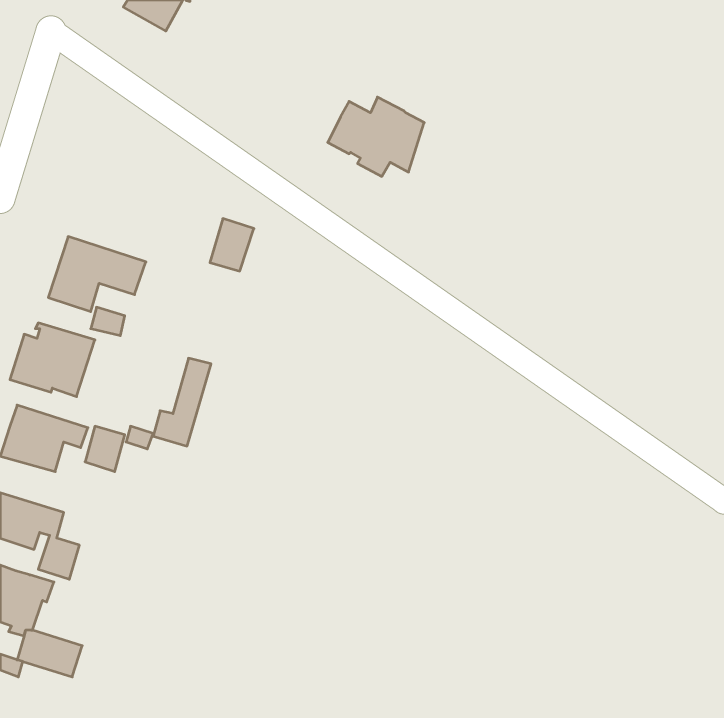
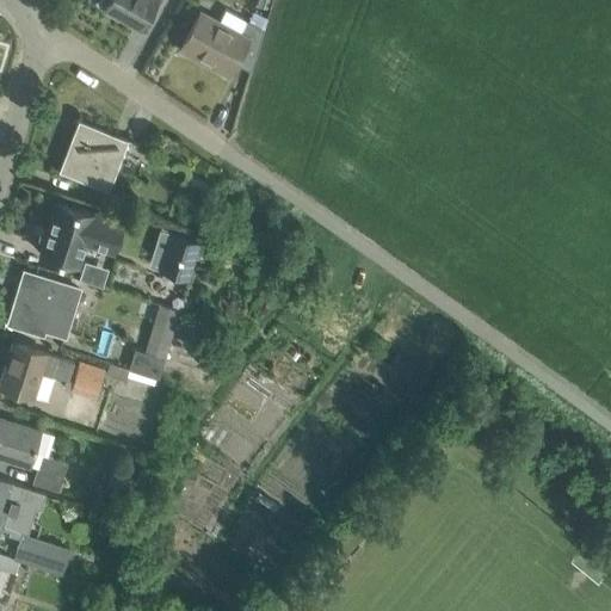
building: [328,97,424,176] -> [183,11,264,78]
building: none -> [62,123,128,192]
building: [210,219,254,271] -> [162,236,199,280]

